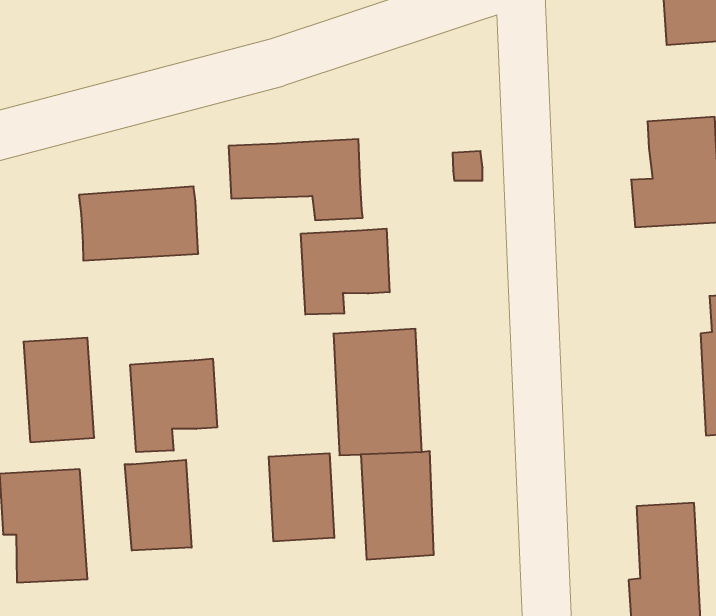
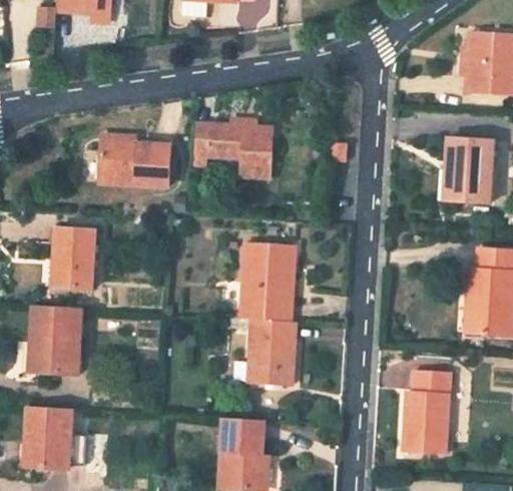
building: [301,229,390,315] -> none
building: [130,359,217,452] -> none
building: [269,453,334,541] -> none
building: [125,460,192,551] -> none

